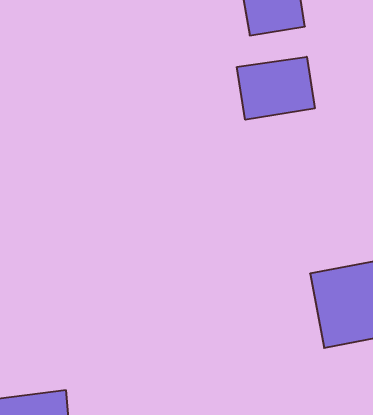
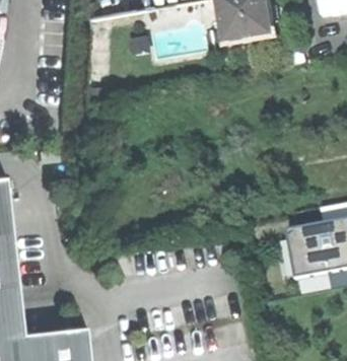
building: [237,57,315,120] -> none

